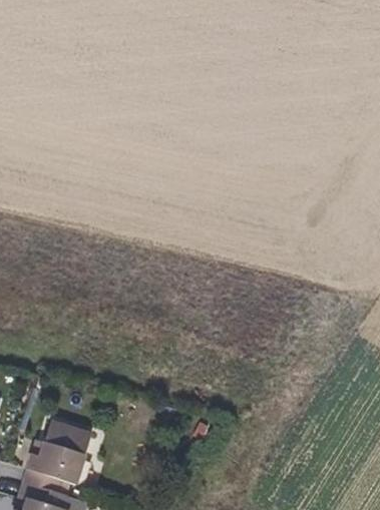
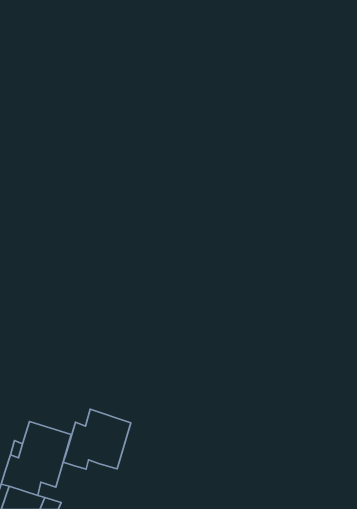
building: none -> [63,409,131,469]

